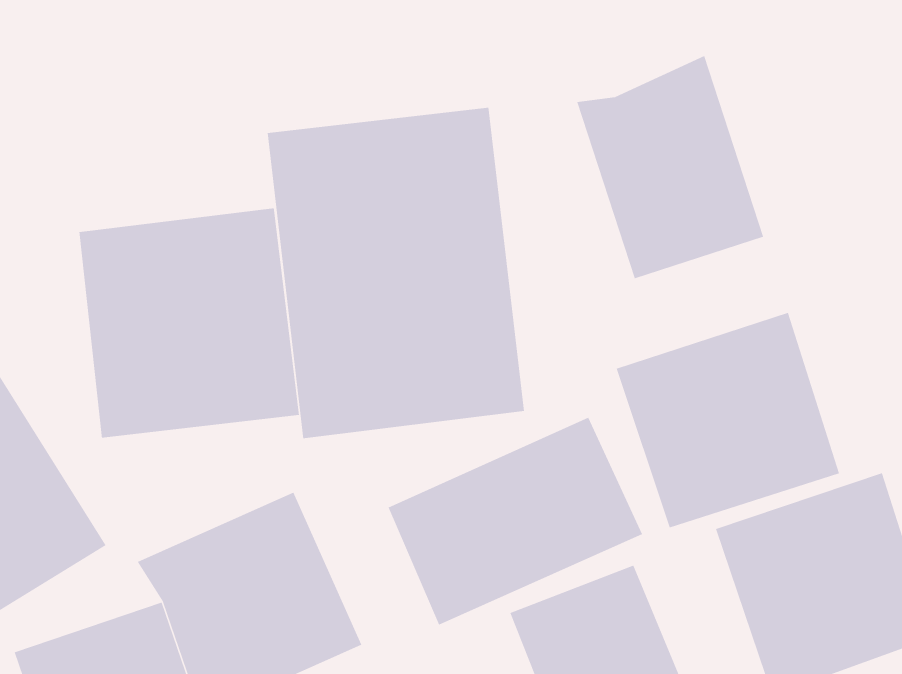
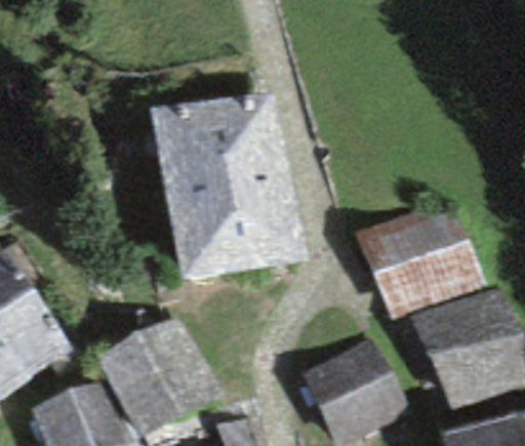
building: [576,55,764,279] -> none
building: [79,207,300,439] -> none
building: [388,417,643,626] -> none

